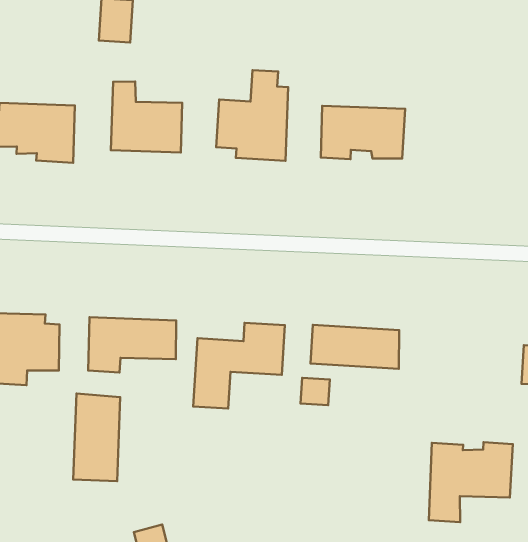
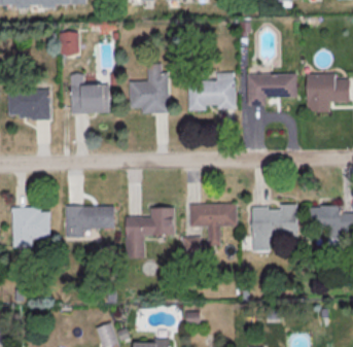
building: none -> [247,74,295,97]
building: [73,394,120,481] -> none
building: [429,442,513,522] -> [251,205,296,250]

